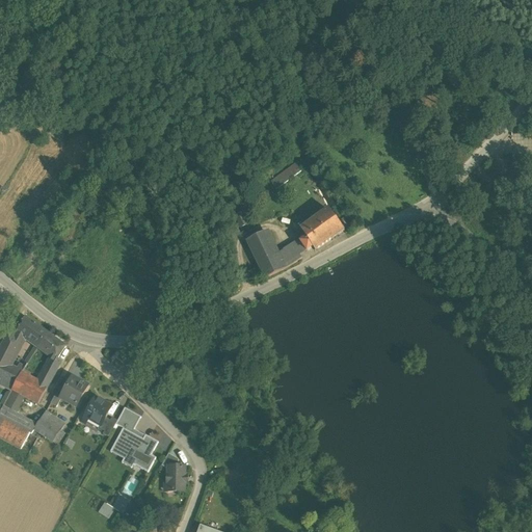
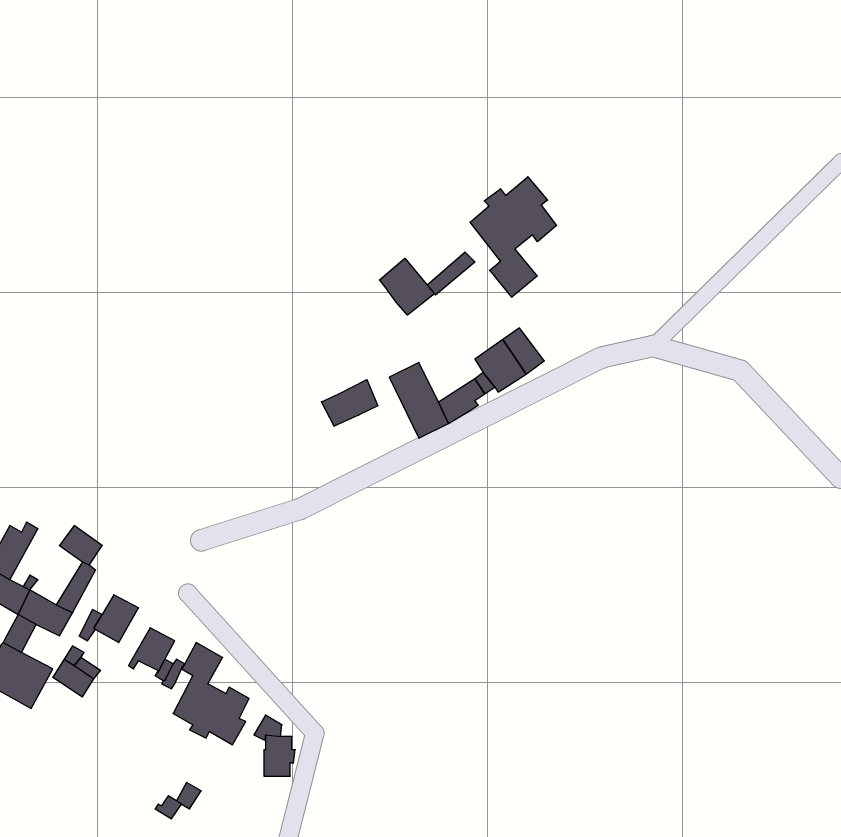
building: none -> [470,177,557,297]
building: none -> [379,258,435,315]
building: none -> [321,380,378,426]
building: [17,315,47,344] -> none

